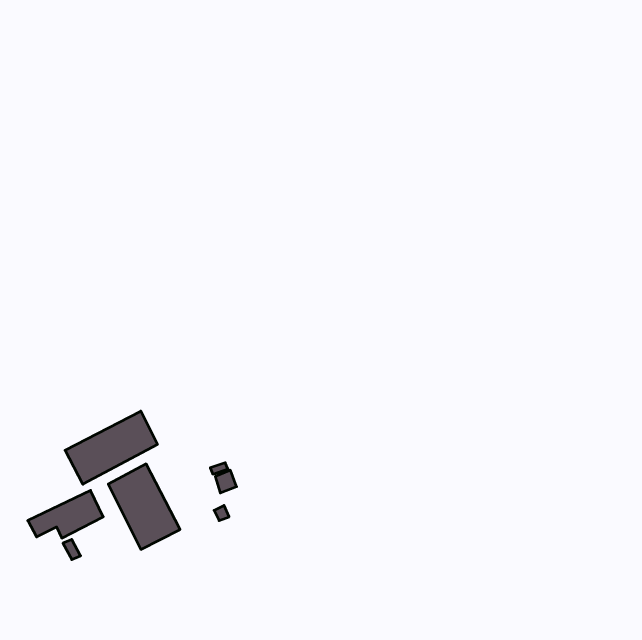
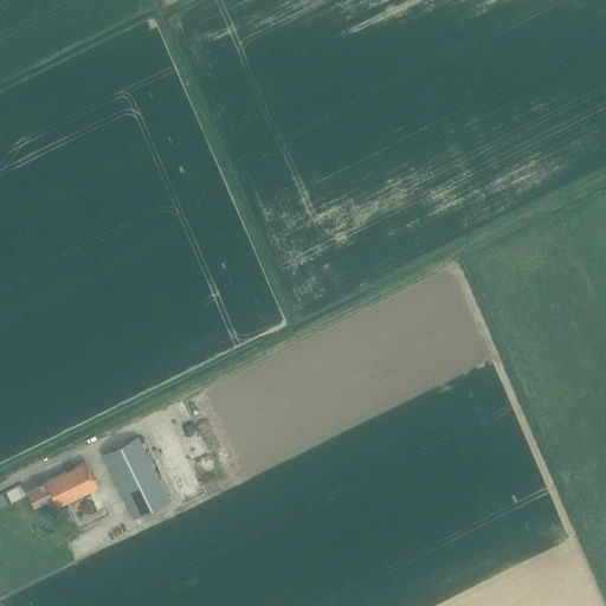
building: [65,411,157,484] -> none

